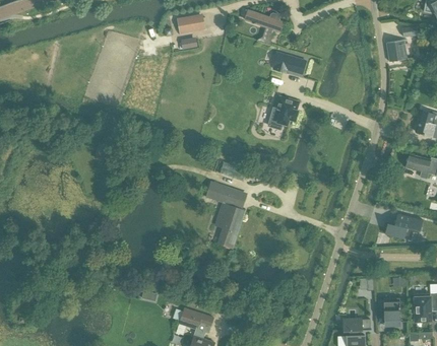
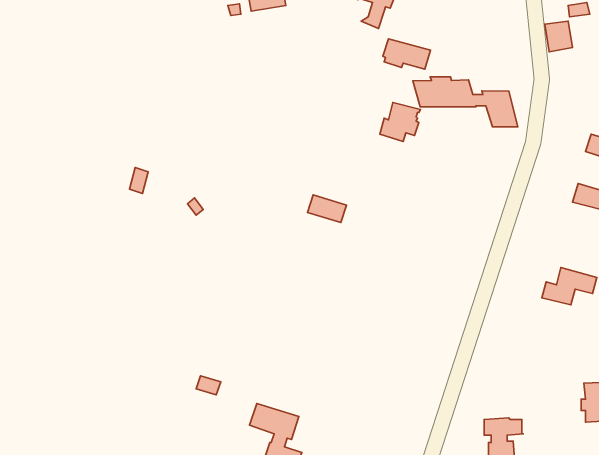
building: none -> [413,77,518,127]
building: [206,181,240,247] -> none
building: [383,297,402,326] -> none

